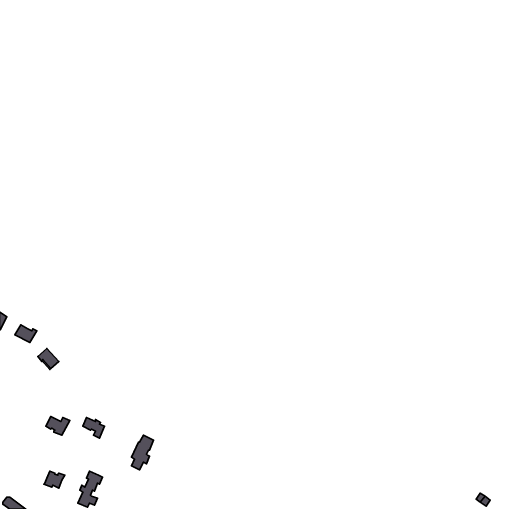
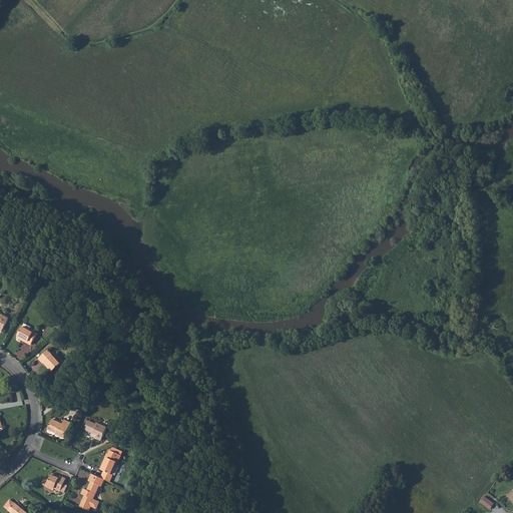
building: [132,435,153,470] -> [99,447,121,482]

